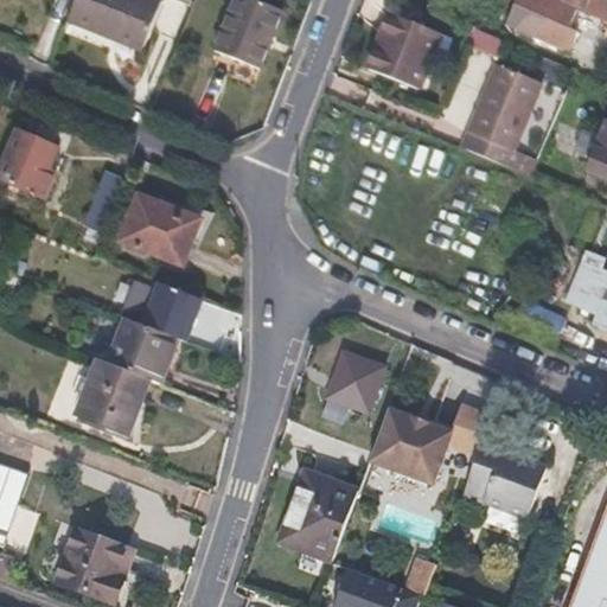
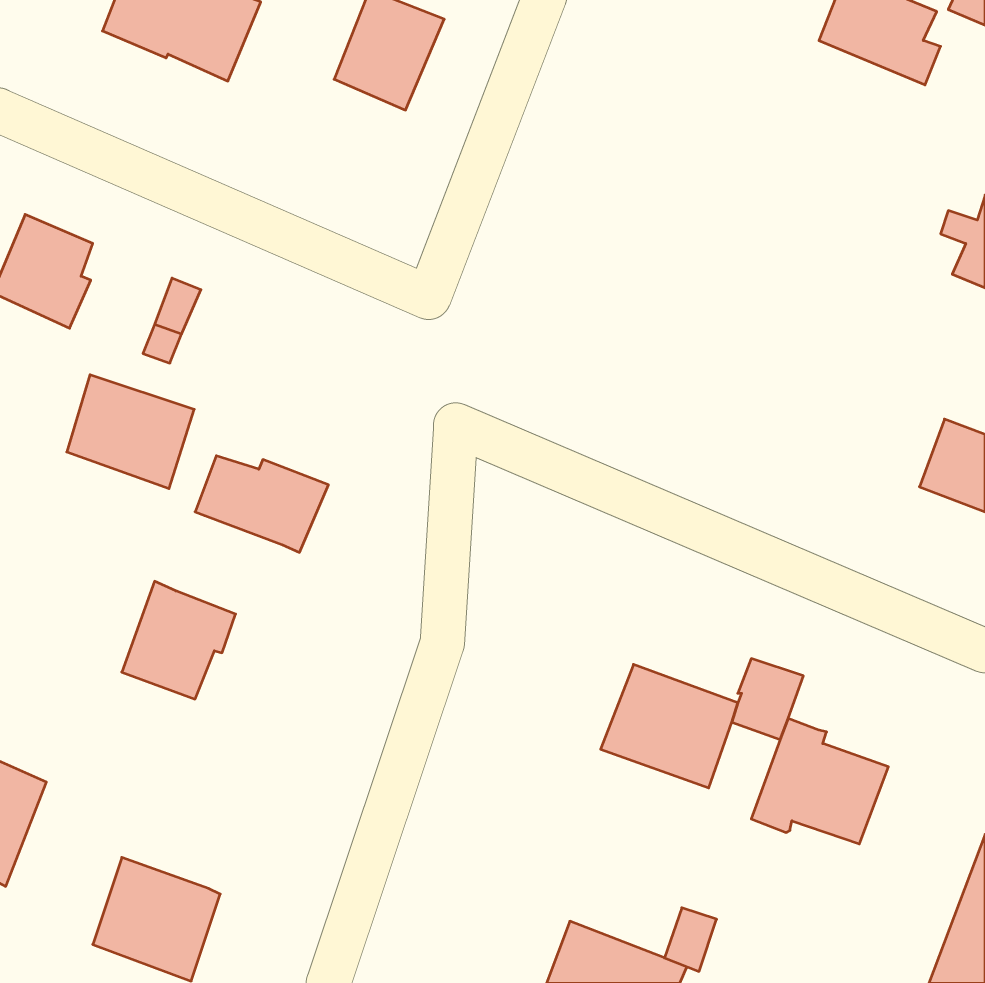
building: [368,9,453,83] -> none
building: [460,59,543,174] -> none
building: [124,193,203,263] -> [67,375,194,489]
building: [108,317,173,381] -> none
building: [326,351,384,410] -> none
building: [280,468,359,560] -> none

